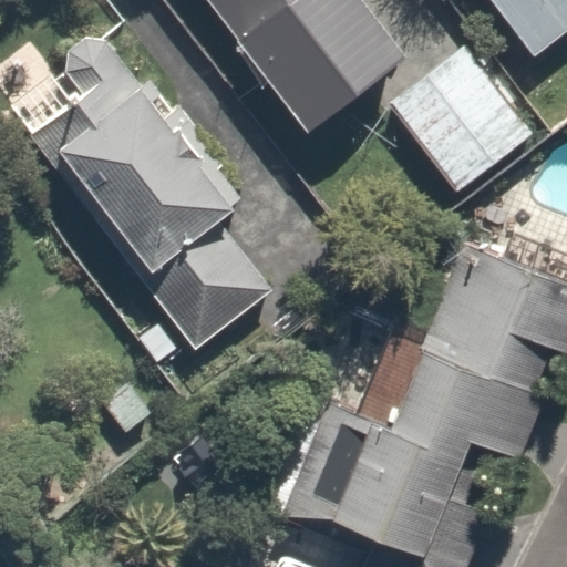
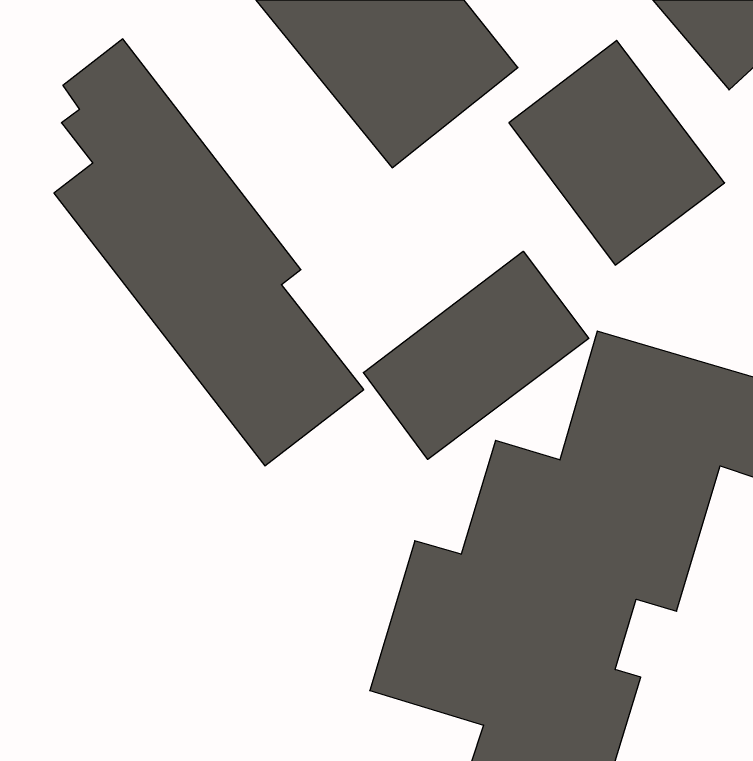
building: none -> [363,251,589,459]

